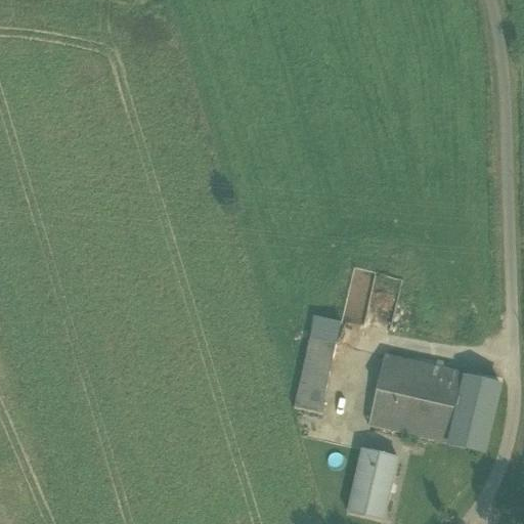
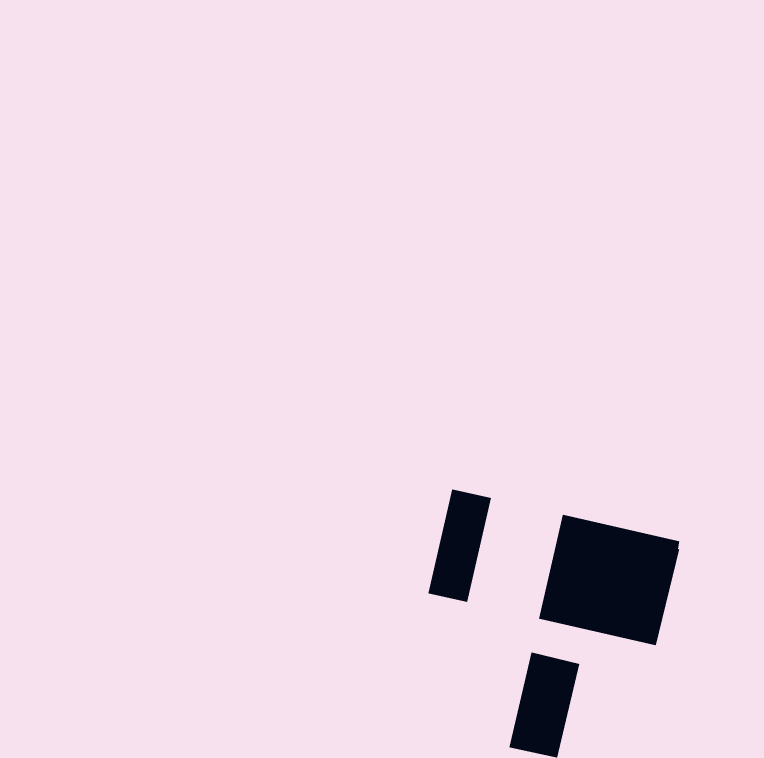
building: [309,313,343,341] -> none
building: [449,376,500,450] -> none

